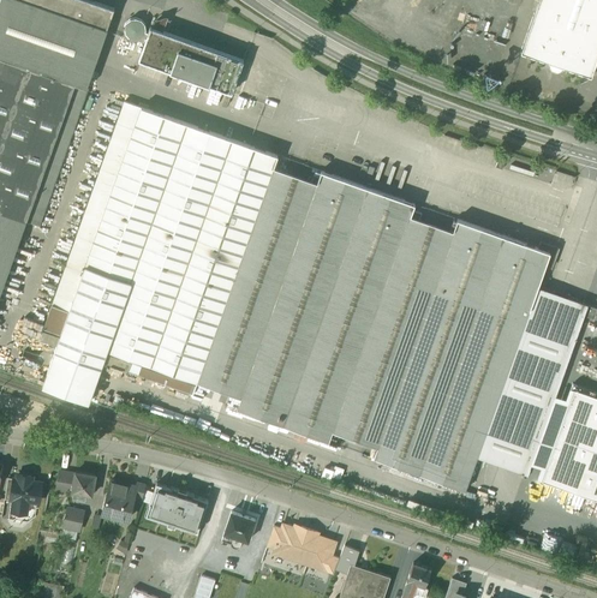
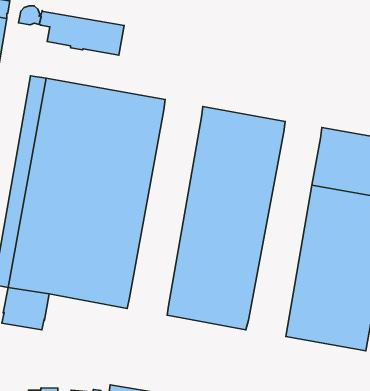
building: [197,168,317,400] -> none
building: [333,217,453,448] -> none

